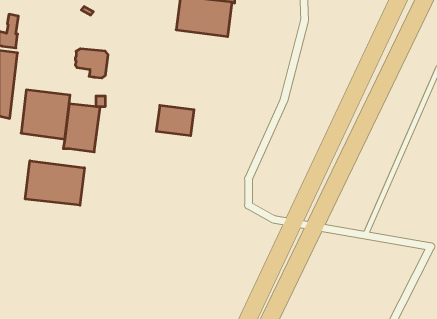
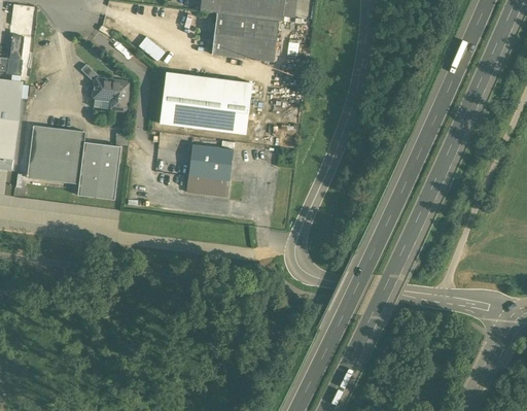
building: none -> [159,71,251,134]
building: none -> [185,174,229,197]
building: [25,161,84,205] -> none

